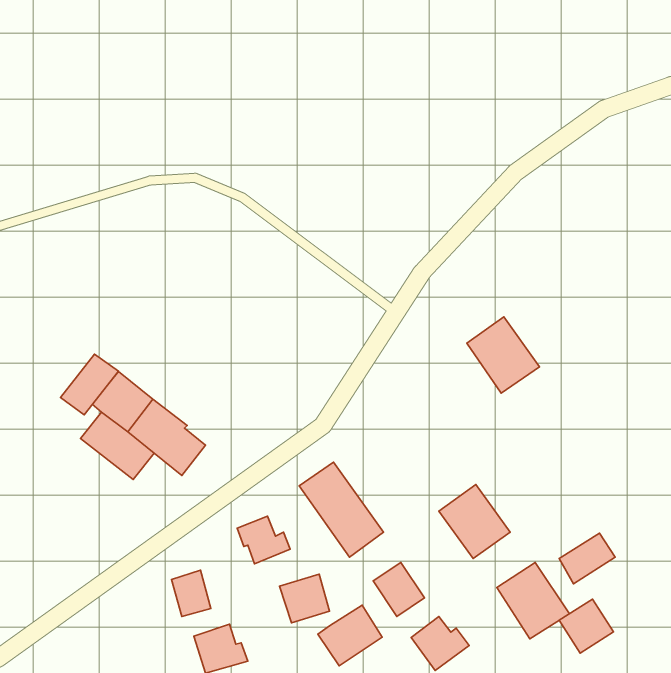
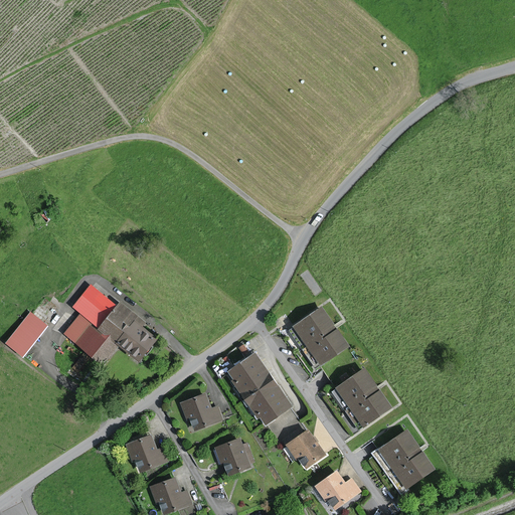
building: [467,317,539,393] -> [293,307,348,365]
building: [60,354,118,415] -> [5,311,49,357]
building: [559,533,615,584] -> none
building: [559,599,614,653] -> none
building: [318,605,382,666] -> none

